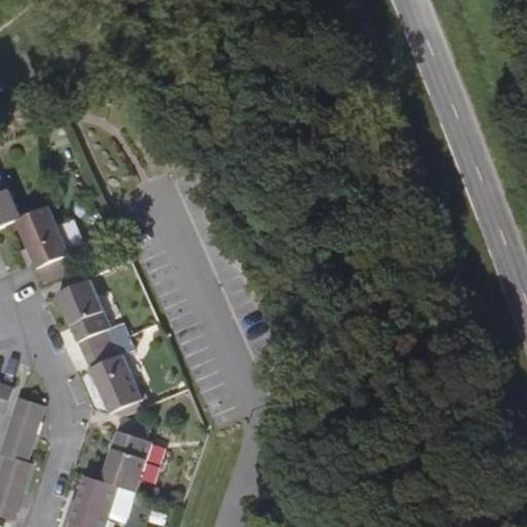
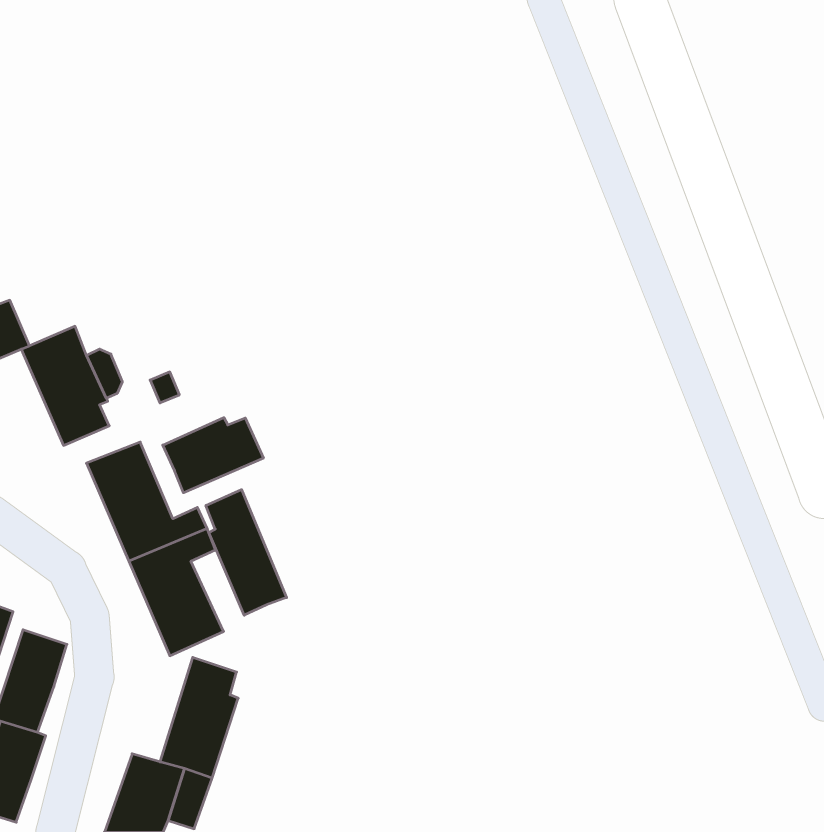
building: none -> [163,418,263,493]
building: none -> [206,490,287,615]

